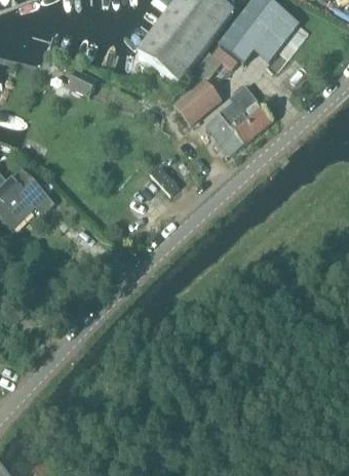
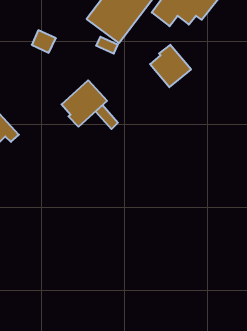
building: [171,78,219,122] -> none
building: [203,110,242,151] -> none
building: none -> [61,80,107,127]

